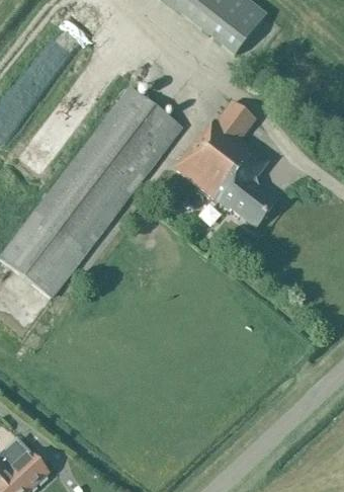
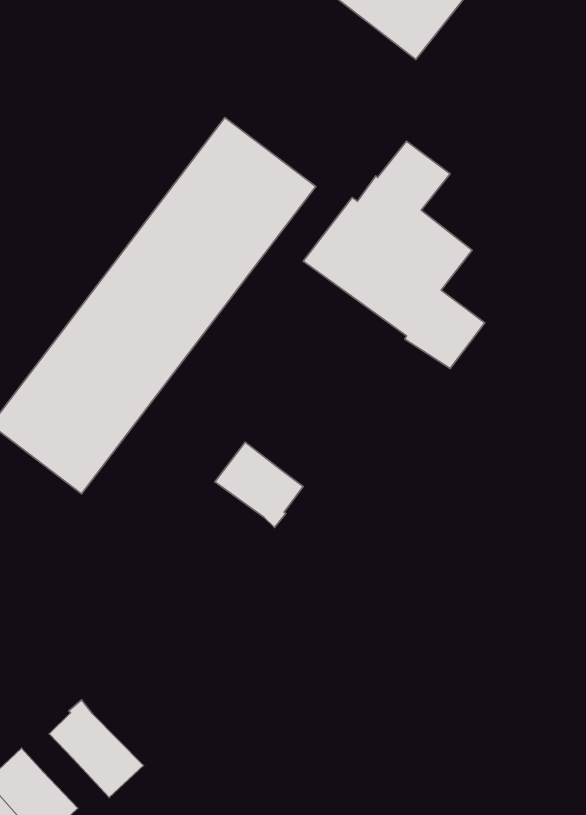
building: none -> [215,442,303,528]
building: none -> [49,700,143,798]

